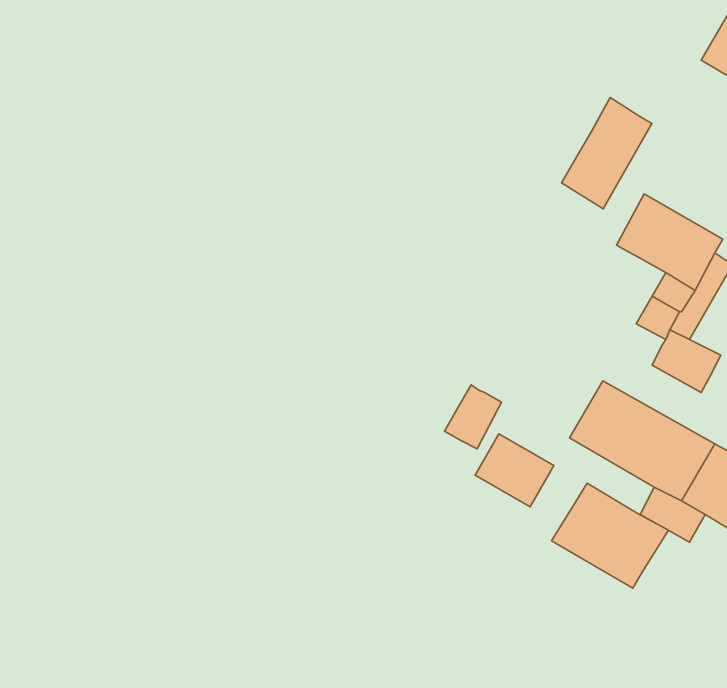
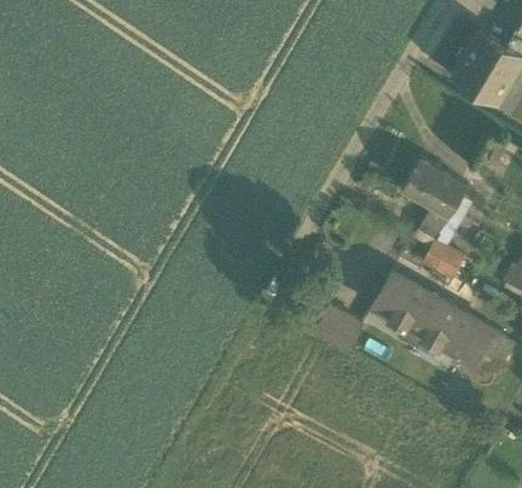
building: [561,98,652,209] -> none
building: [445,385,501,449] -> none
building: [552,483,668,588] -> none

